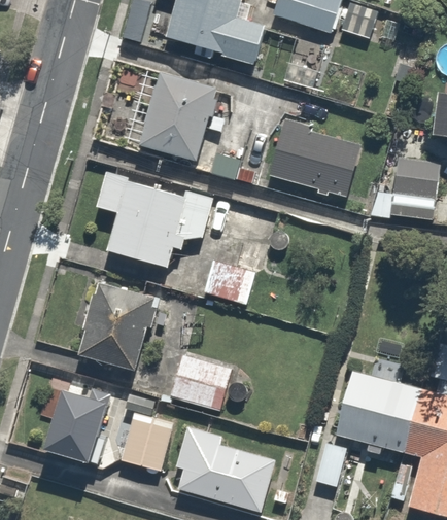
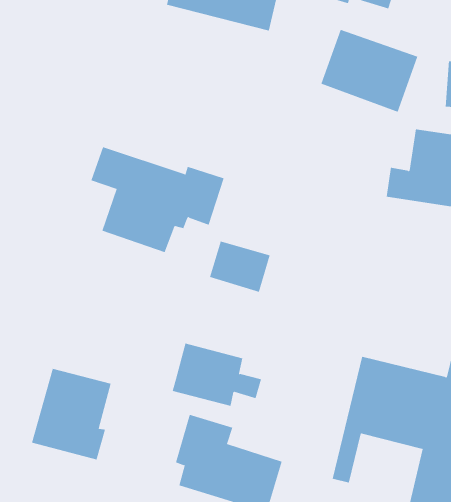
building: [95,71,216,163] -> none
building: [269,119,360,198] -> [320,29,418,112]
building: [76,278,157,372] -> none
building: [123,396,177,472] -> none

